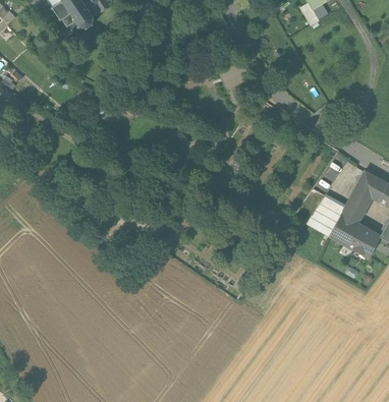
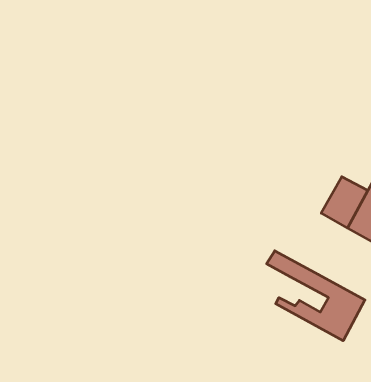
building: none -> [267,251,365,341]

